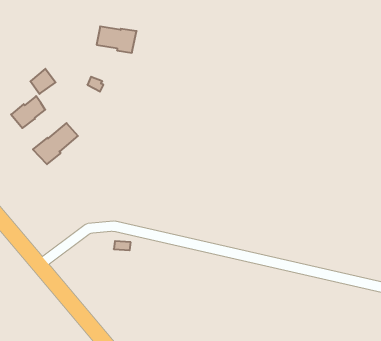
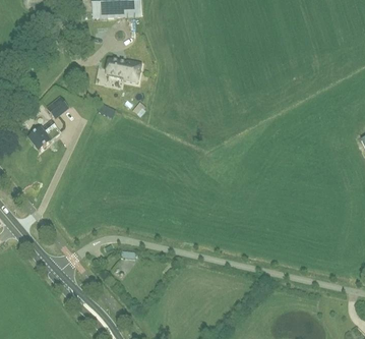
building: [33,123,78,164] -> none

